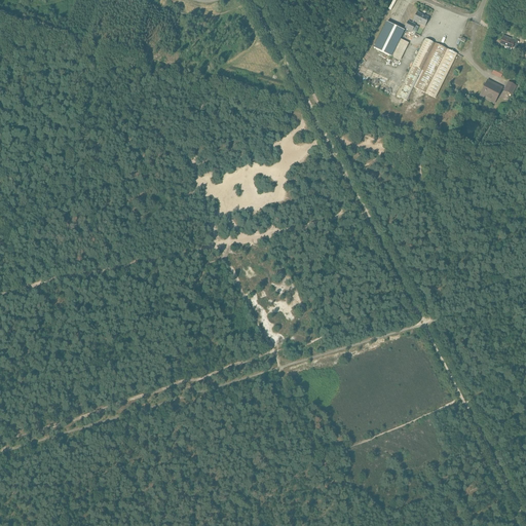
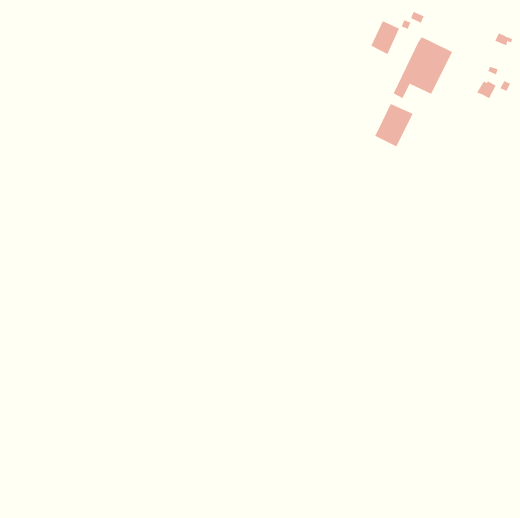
building: none -> [375,103,414,147]

